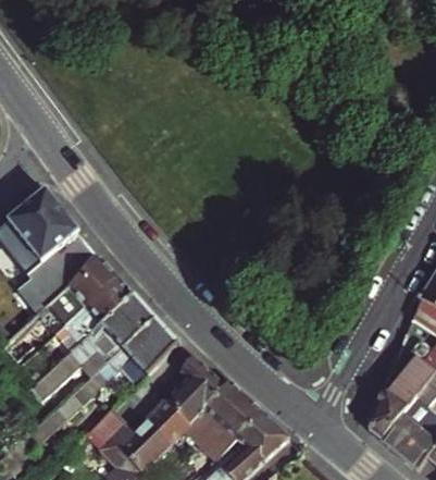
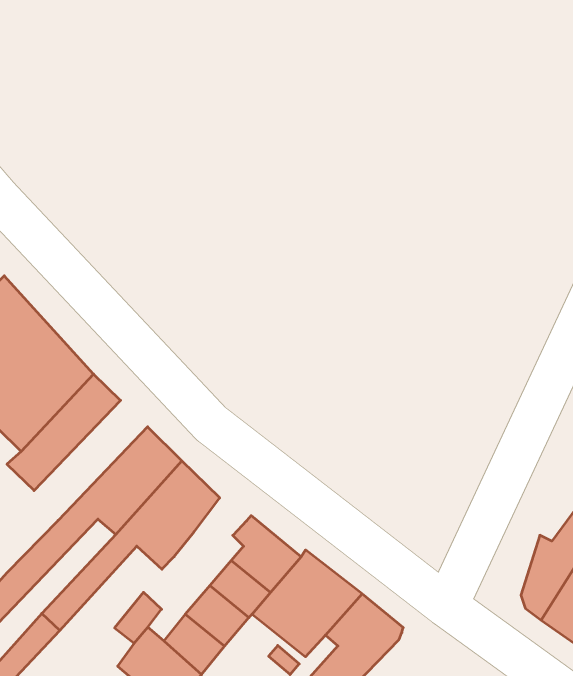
building: [53,276,133,352] -> none

